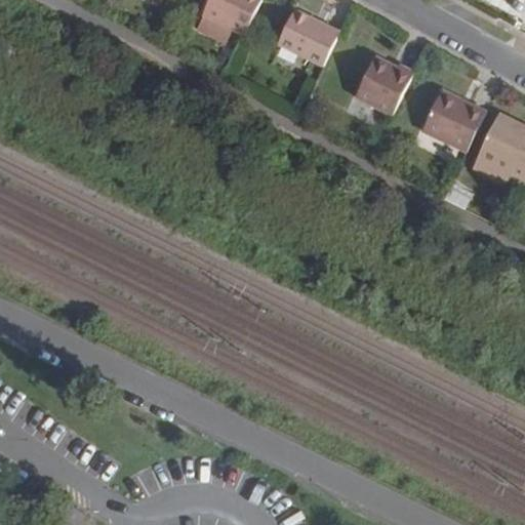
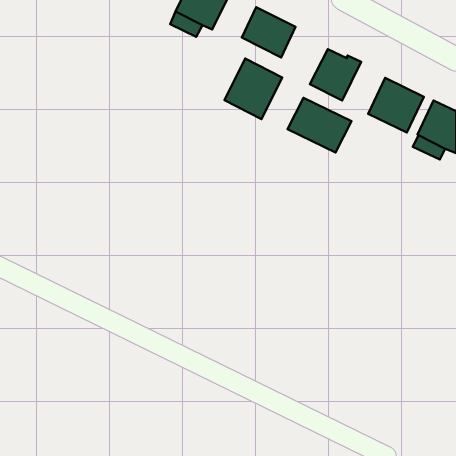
building: none -> [224,58,282,119]
building: none -> [288,98,351,153]

